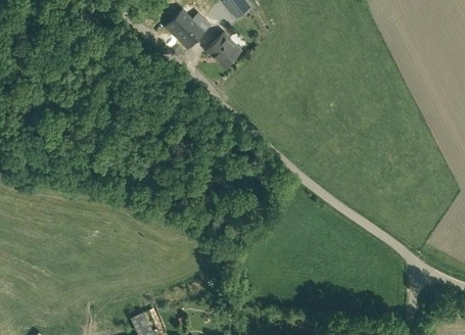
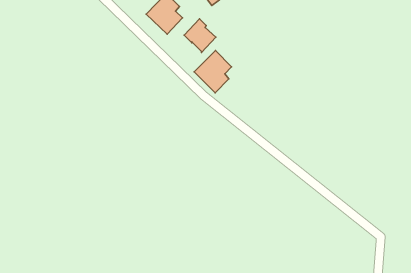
building: none -> [194,50,231,93]

